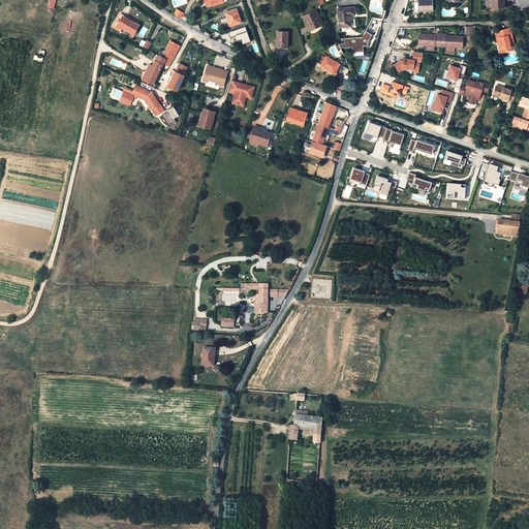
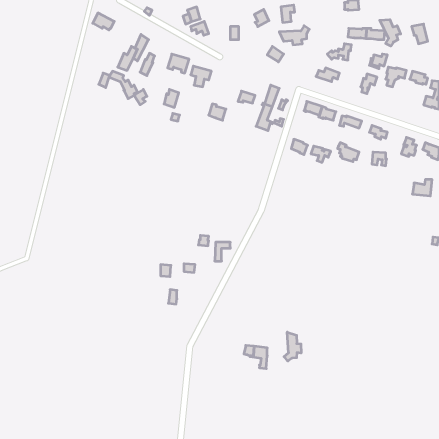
building: none -> [380,20,401,46]
building: none -> [284,332,301,361]

